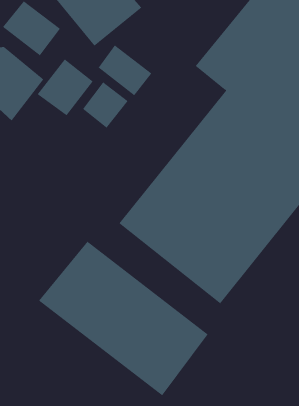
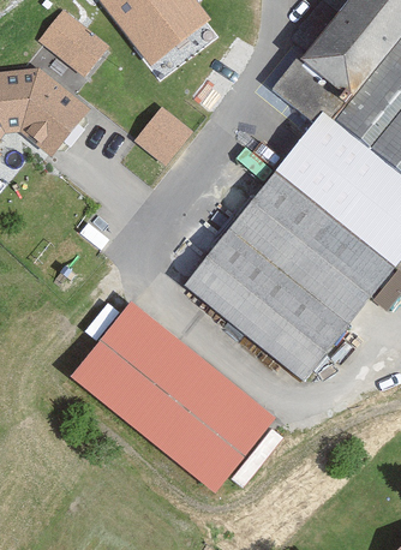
building: [98,44,152,96] -> none
building: [37,58,94,116] -> none

